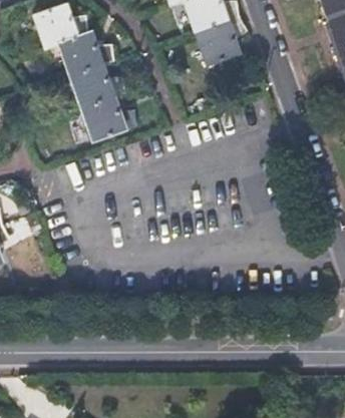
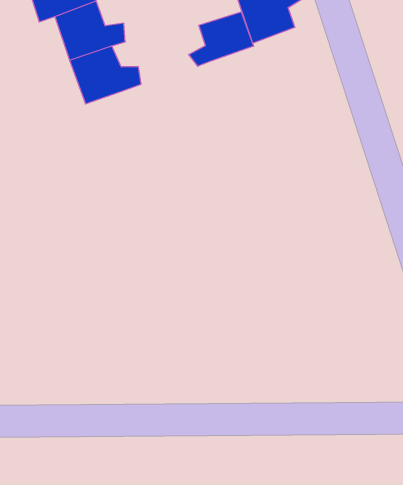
building: none -> [189,12,254,66]
building: [80,98,133,141] -> none

